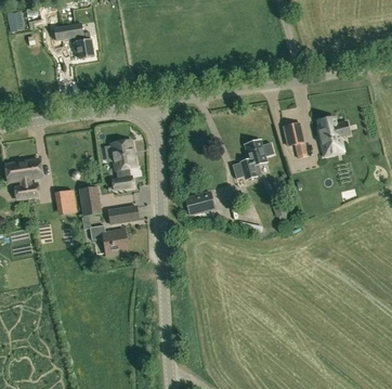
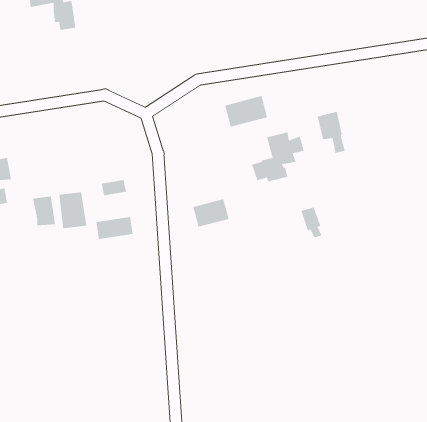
building: none -> [225,95,268,128]
building: [317,117,350,156] -> none
building: [113,140,134,170] -> none
building: [90,224,128,255] -> none

